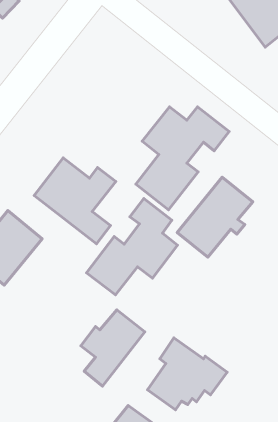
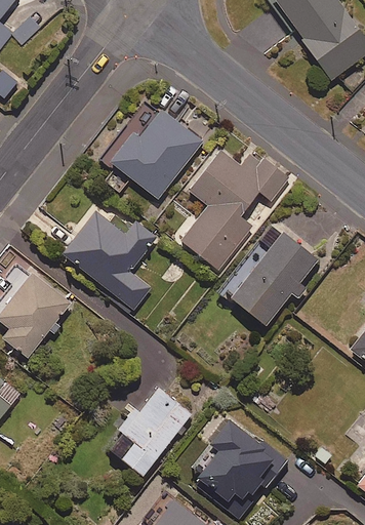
building: none -> [106,109,203,199]
building: [87,199,177,295] -> none

